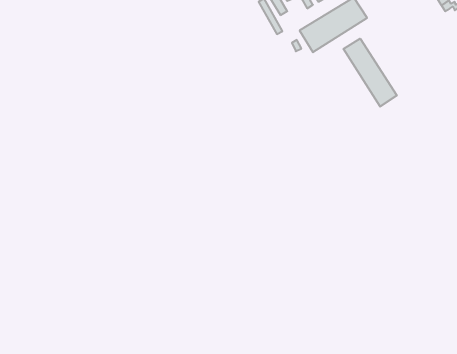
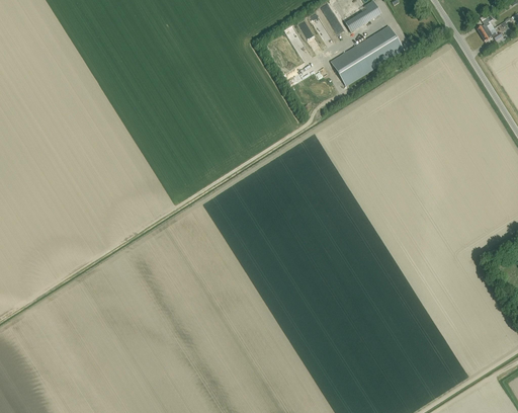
building: [344,39,397,107] -> none

